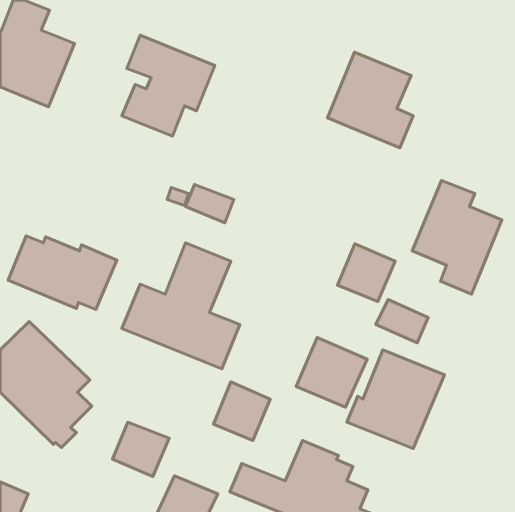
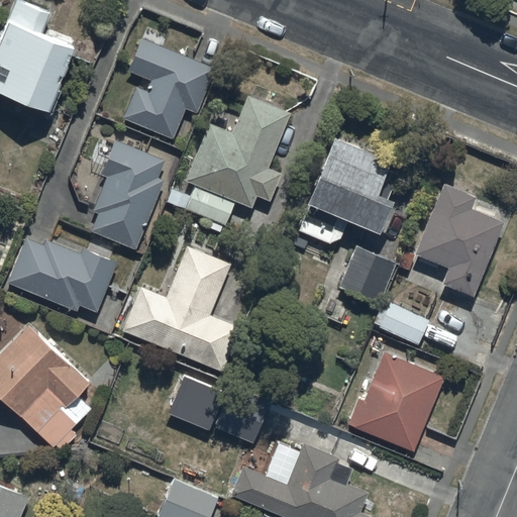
building: [327,52,413,148] -> [306,136,392,232]
building: none -> [185,96,290,208]
building: none -> [91,140,165,250]
building: [296,337,367,407] -> none
building: [113,422,169,476] -> [169,377,225,431]

